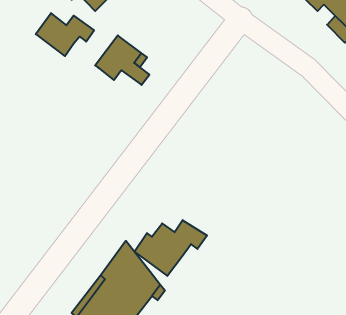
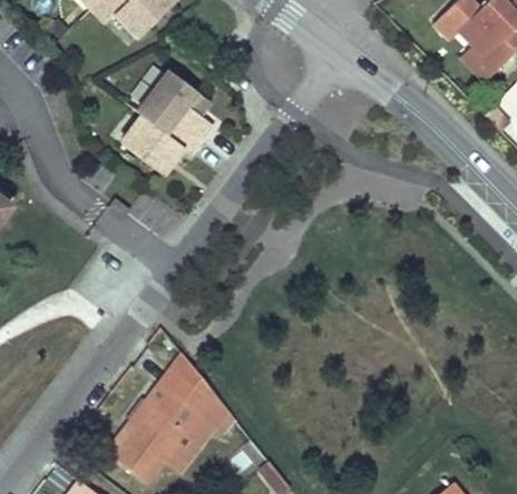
building: [36,13,94,56] -> [123,116,203,175]
building: [134,220,207,276] -> none

